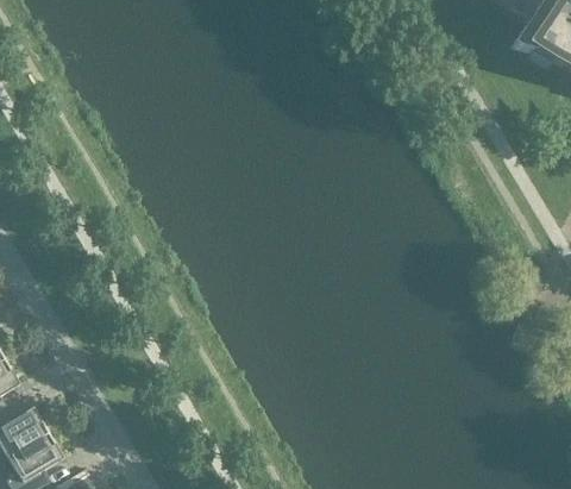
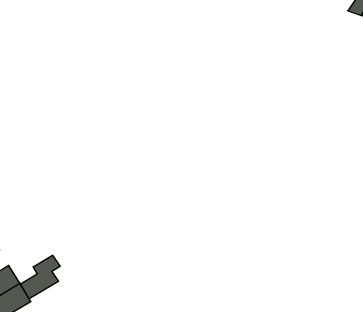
building: none -> [21,255,60,299]

